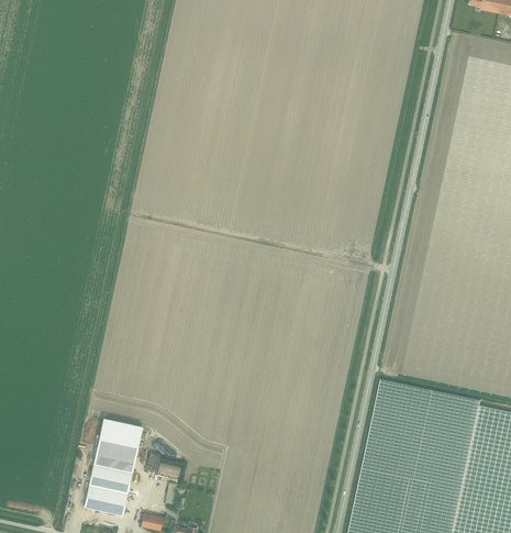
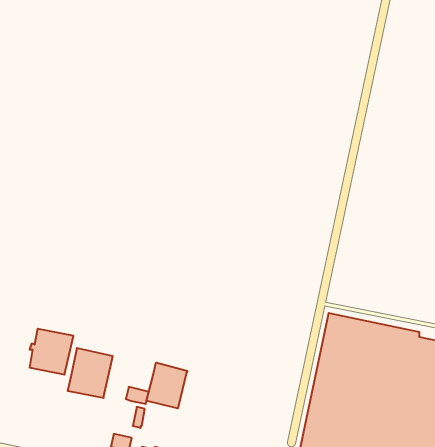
building: none -> [146,363,187,408]
building: [85,465,133,515] -> [30,329,73,375]

